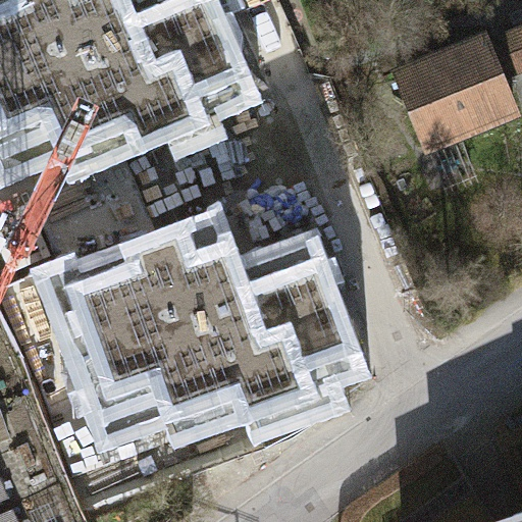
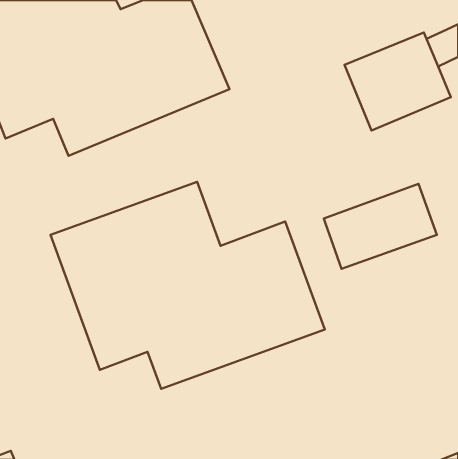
building: none -> [324,184,437,269]

